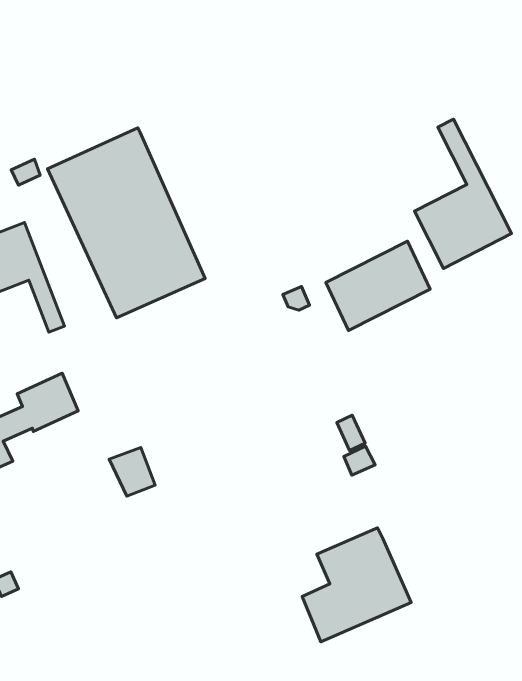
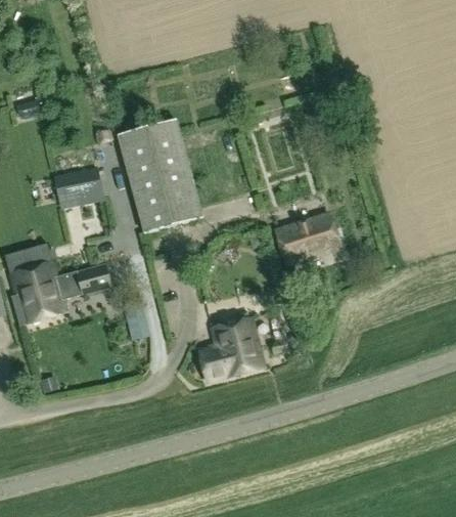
building: [415,119,512,268] -> none
building: [302,528,411,642] -> [199,314,266,379]

